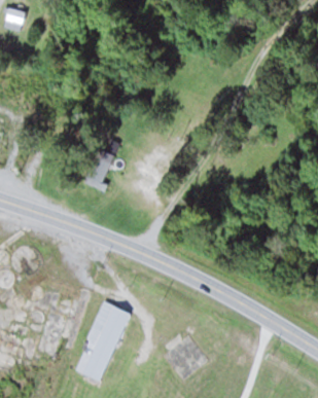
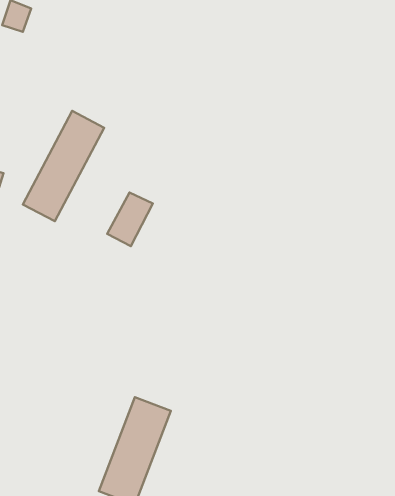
building: none -> [23,111,104,221]

